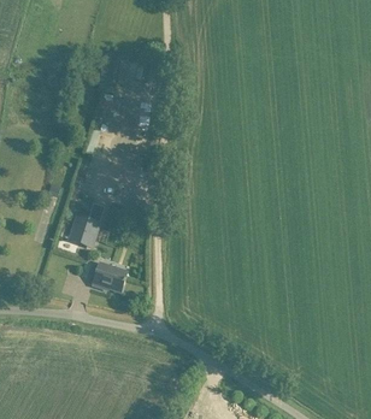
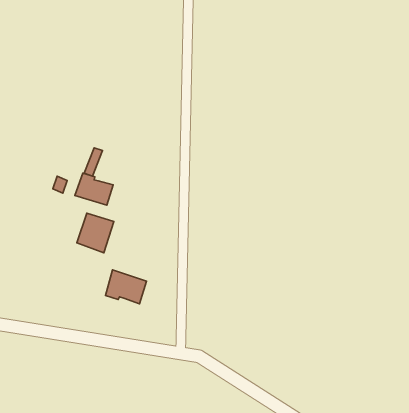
building: none -> [75,173,113,205]

